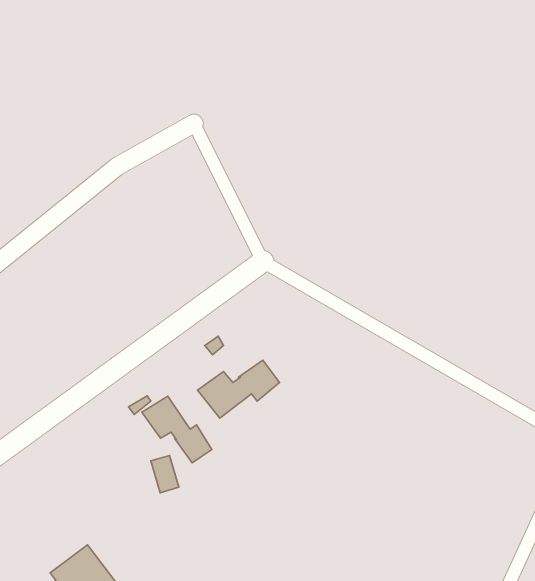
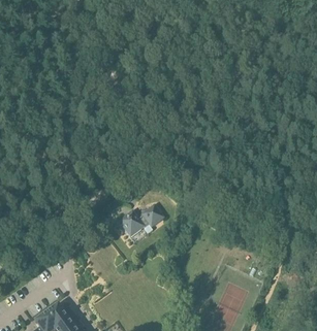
building: [142,396,212,463] -> none

